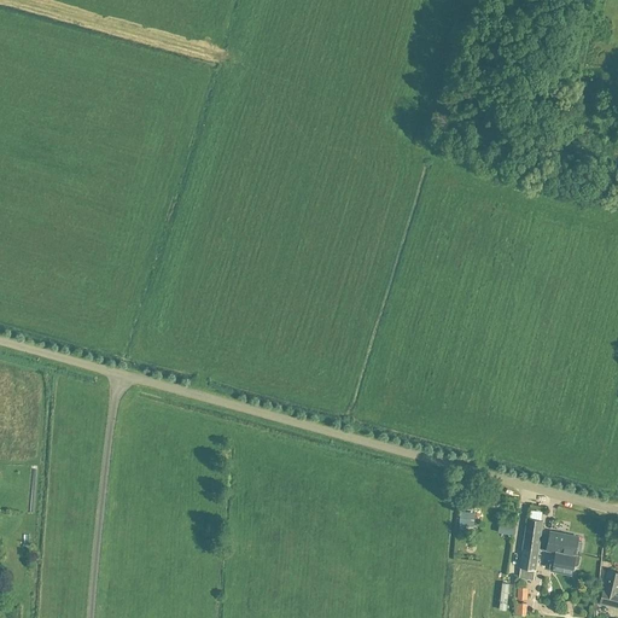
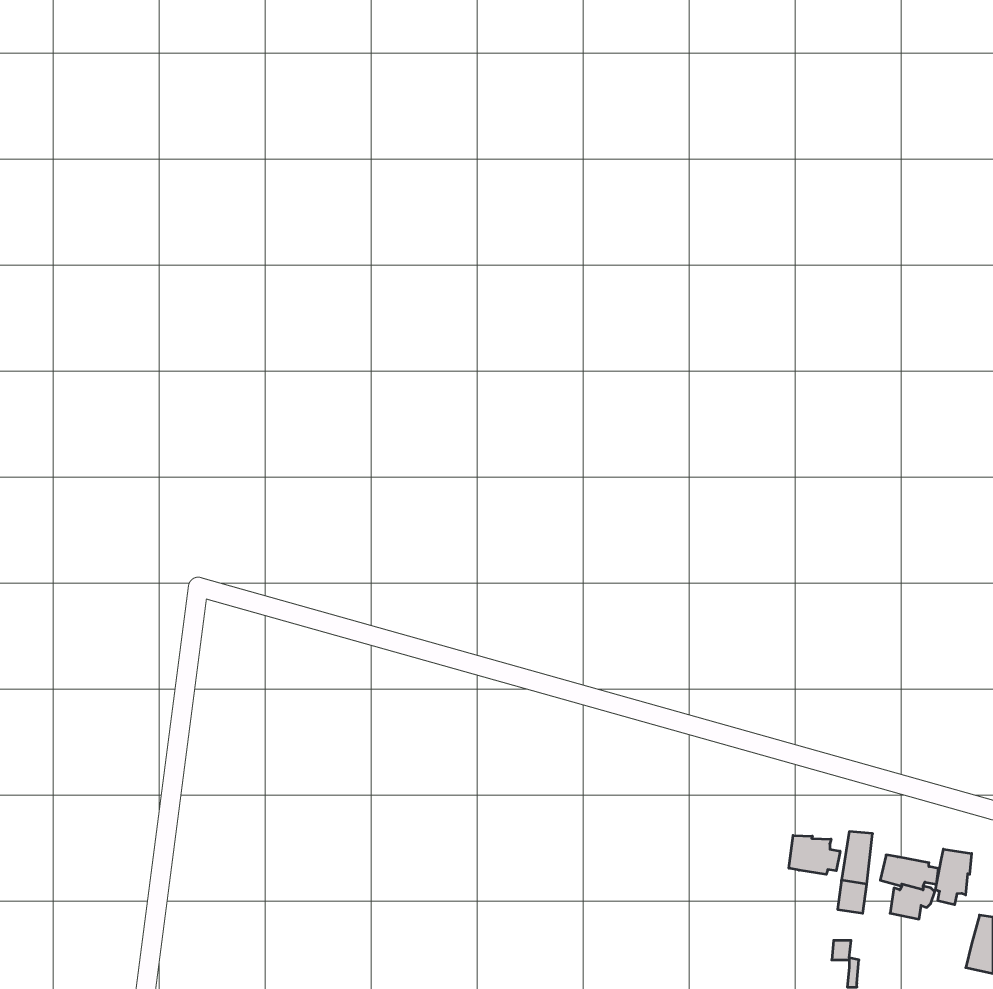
building: none -> [789,835,840,874]
building: none -> [936,849,972,905]

